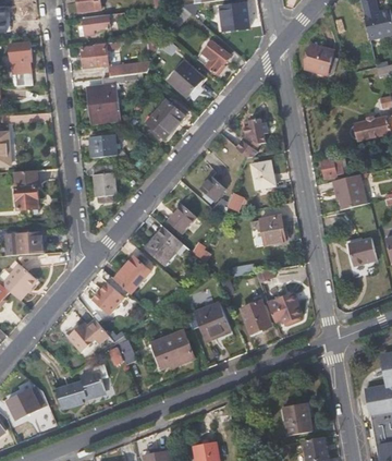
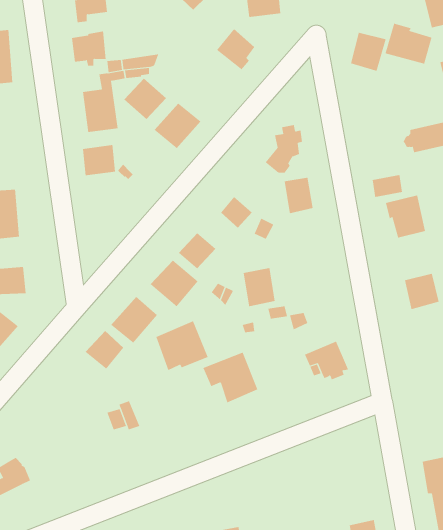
building: none -> [385,23,432,64]
building: [169,62,204,96] -> [124,78,167,120]
building: [94,165,115,202] -> none
building: [259,214,285,245] -> [243,267,275,307]
building: [242,300,270,333] -> none
building: [71,317,113,354] -> none
building: [152,329,195,369] -> [156,321,208,371]
building: [56,364,108,410] -> none
building: [284,402,313,435] -> none

